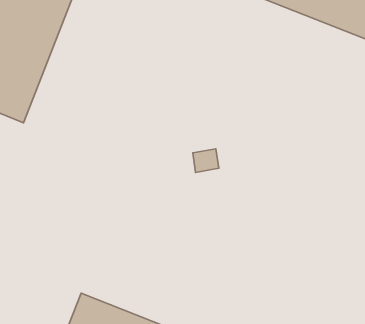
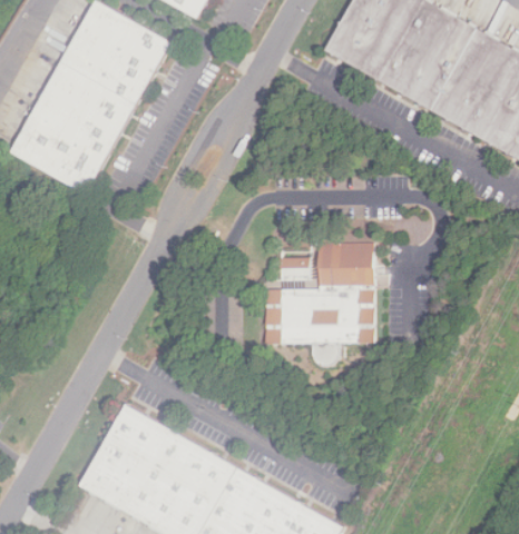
building: none -> [265,241,373,365]

